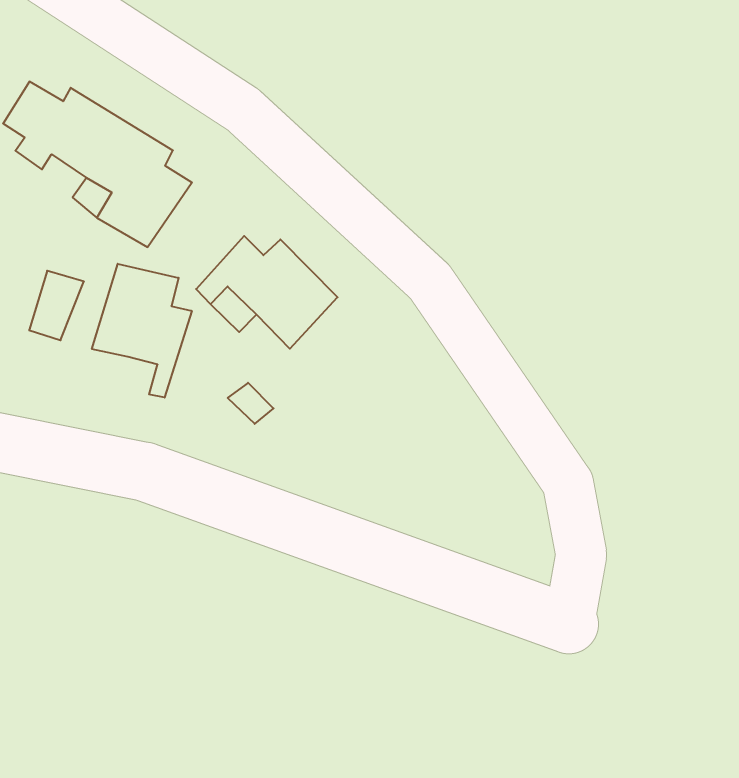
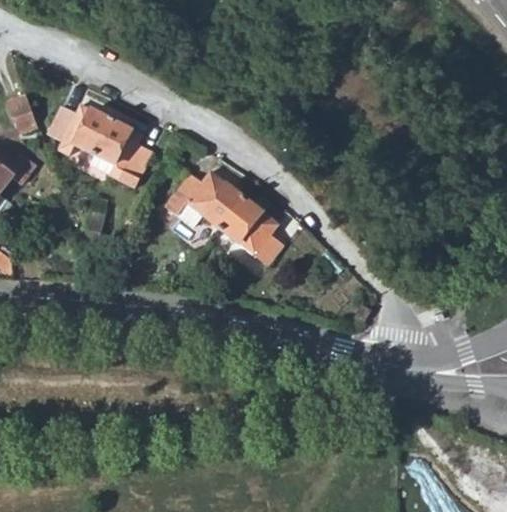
building: [92,264,192,398] -> none
building: none -> [222,198,282,263]

